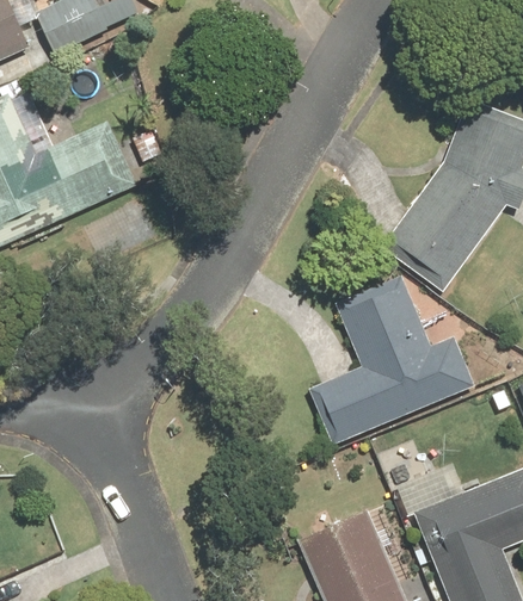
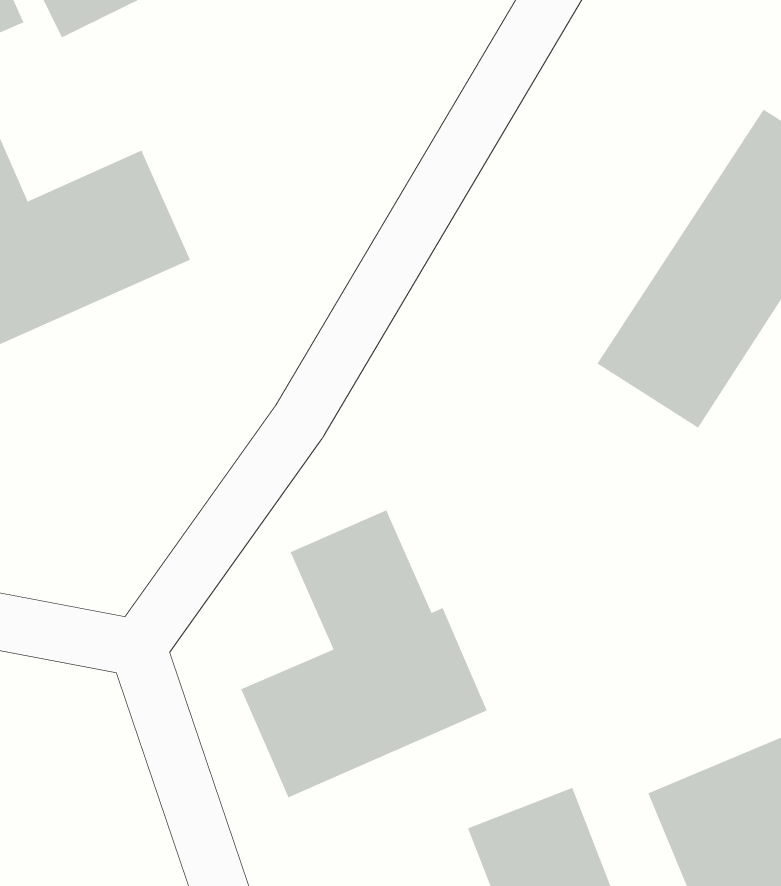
building: [308,277,474,444] -> none
building: none -> [241,510,488,798]

